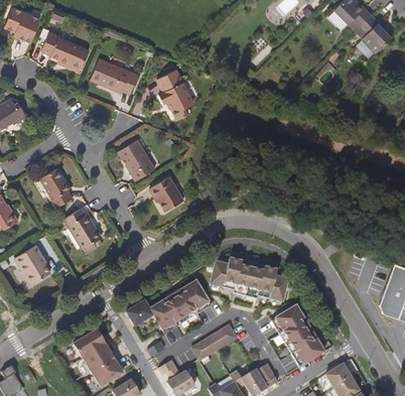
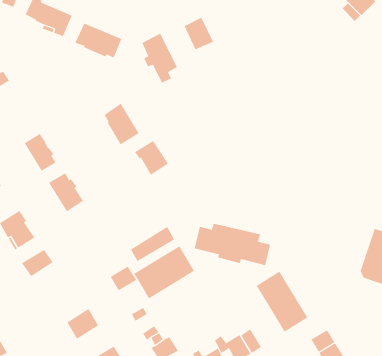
building: none -> [184,17,214,50]
building: [191,324,236,360] -> [130,226,175,262]
building: [73,329,105,357] -> [21,249,54,276]
building: [93,360,123,386] -> none

